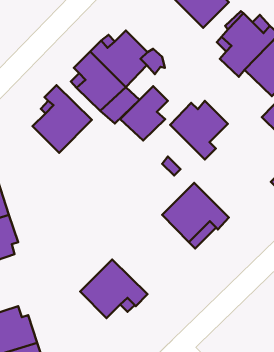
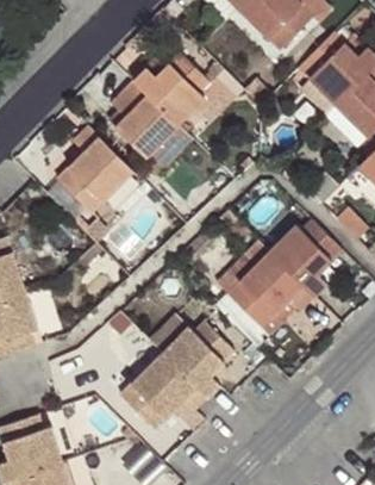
building: [120,86,168,140] -> none
building: [170,101,228,159] -> [269,220,344,297]
building: none -> [151,313,236,397]

